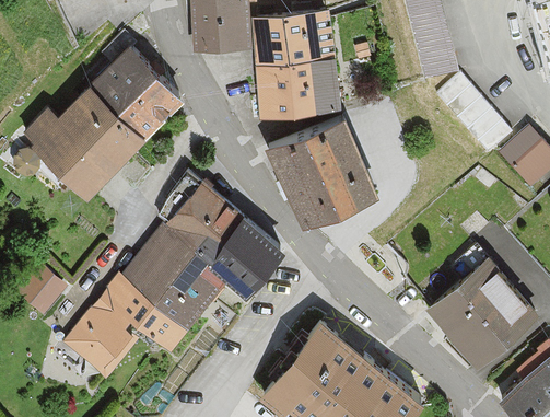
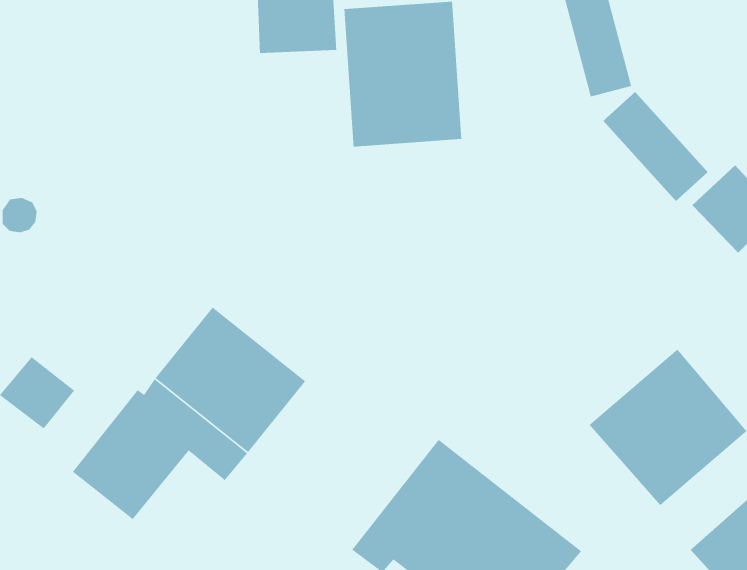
building: [22,46,183,197] -> none
building: [267,116,376,225] -> none
building: [156,174,284,296] -> none

